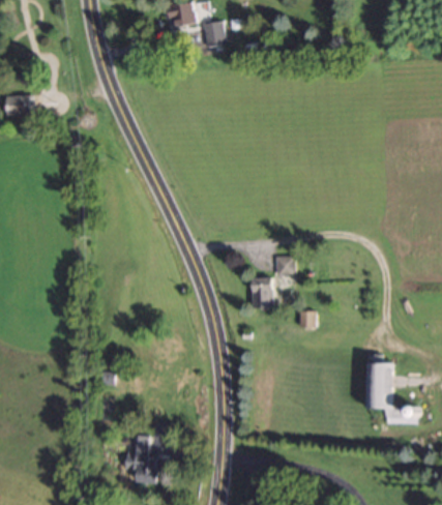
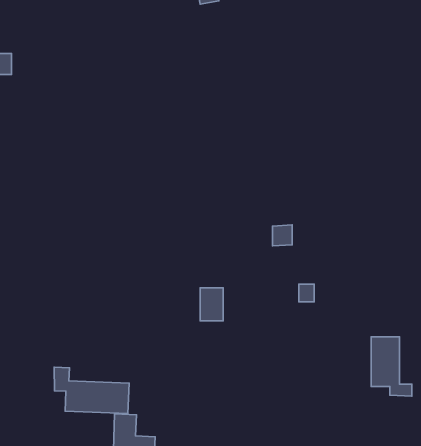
building: [253,277,274,308] -> [200,288,223,321]
building: none -> [54,367,129,414]

